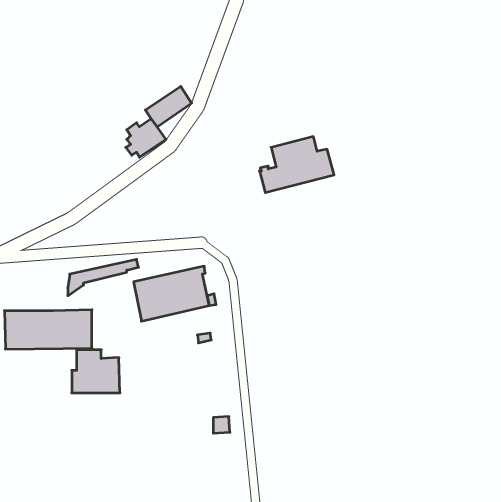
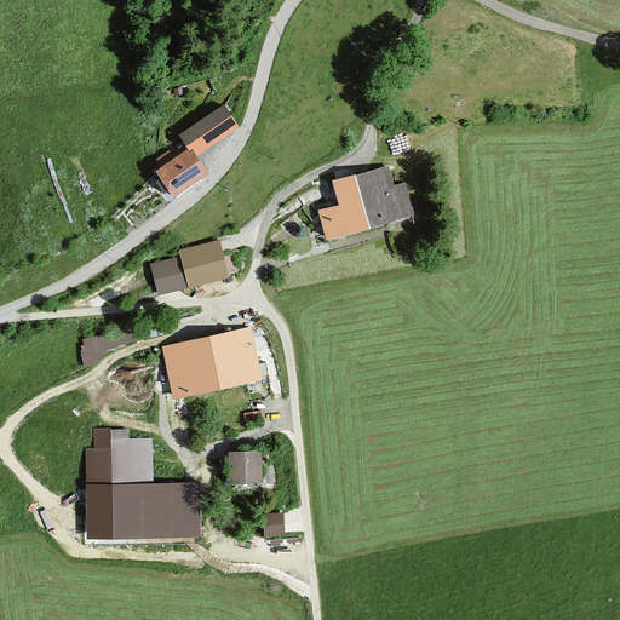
building: none -> [150,242,224,292]
building: [4,310,92,349] -> [88,483,196,532]
building: none -> [231,452,266,480]

